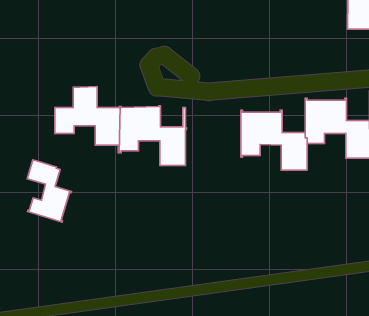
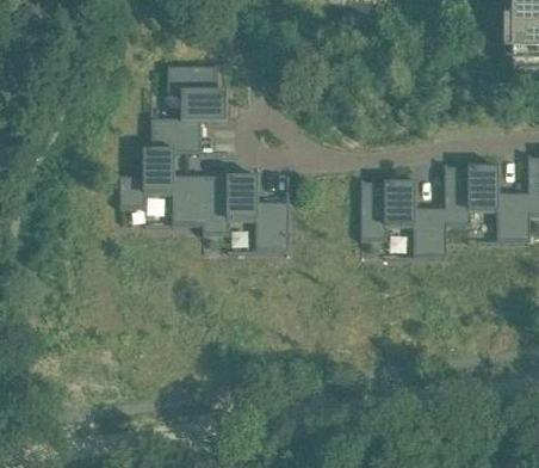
building: none -> [153,64,229,150]
building: [27,160,71,222] -> none

